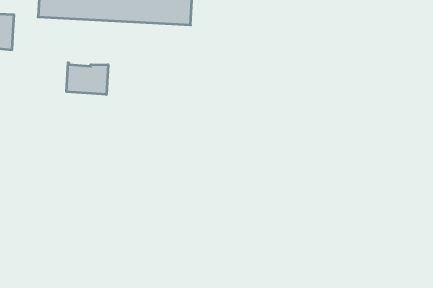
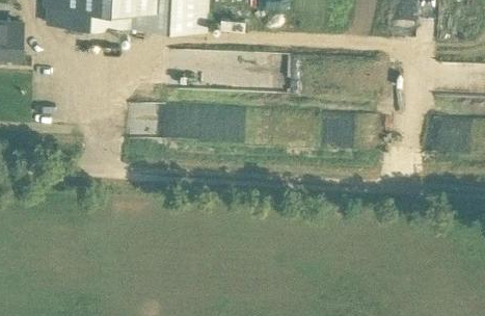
building: [67,63,108,95] -> none

